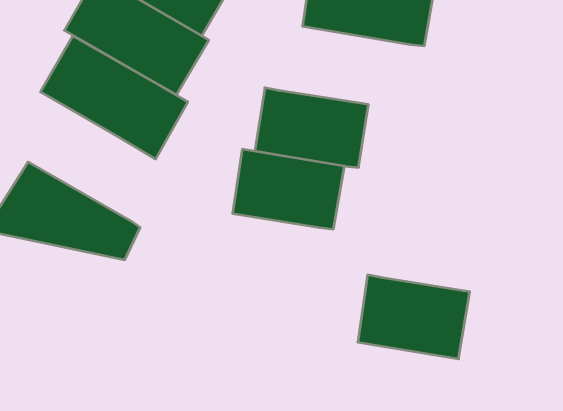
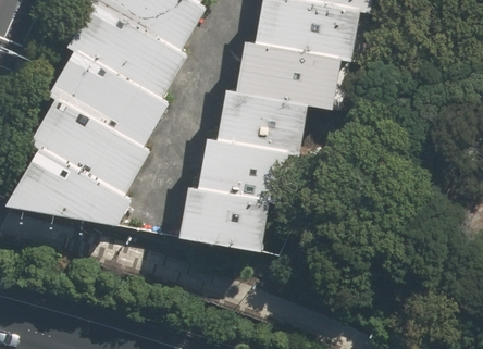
building: none -> [237,41,339,108]
building: none -> [34,98,148,194]
building: [358,275,470,359] -> [182,186,269,251]

